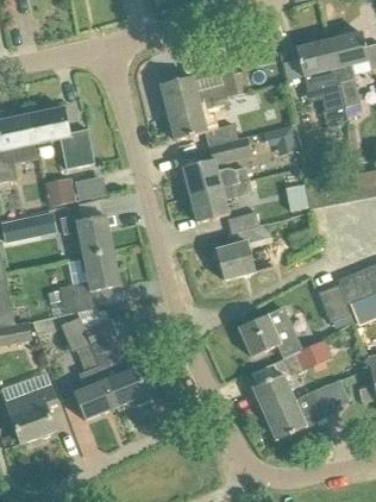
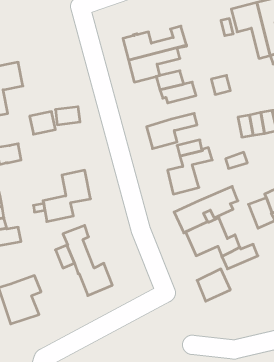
building: [29,106,94,168] -> none
building: [181,157,249,194] -> none
building: [59,212,112,255] -> none
building: [73,378,115,419] -> none
building: [263,381,343,439] -> [174,186,238,233]

